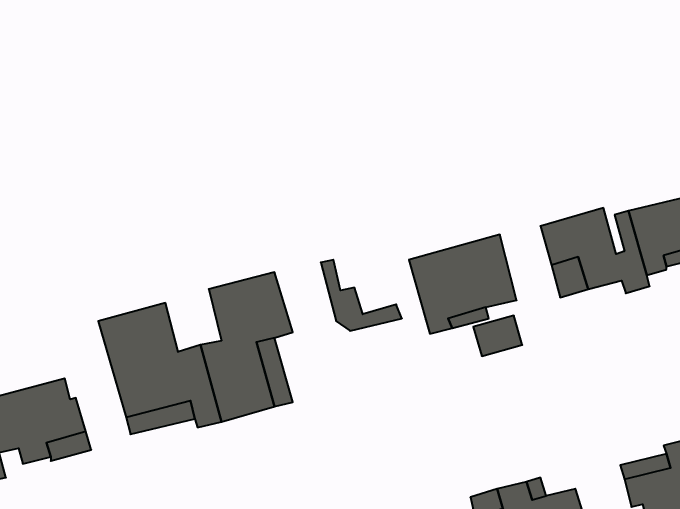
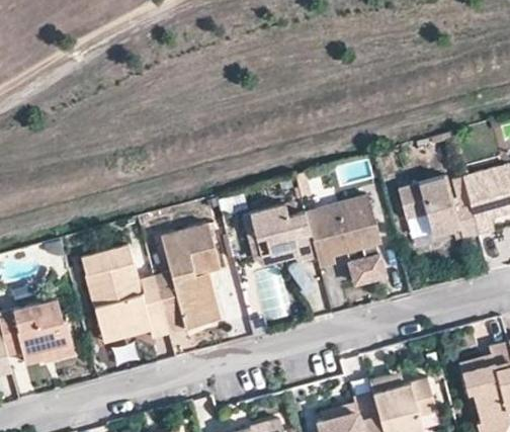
building: none -> [250,203,317,261]

